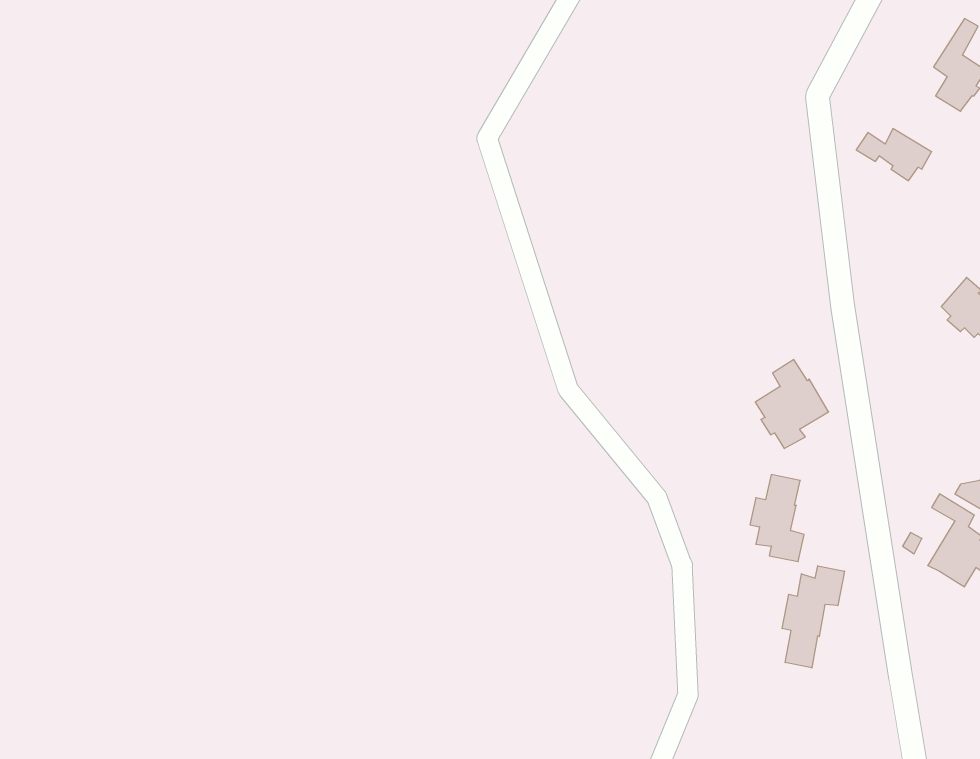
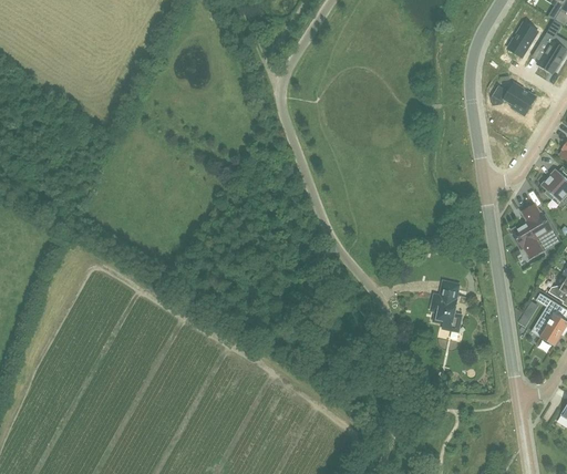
building: none -> [507,24,536,56]
building: [755,360,829,448] -> [513,204,555,255]
building: [782,566,844,668] -> none

